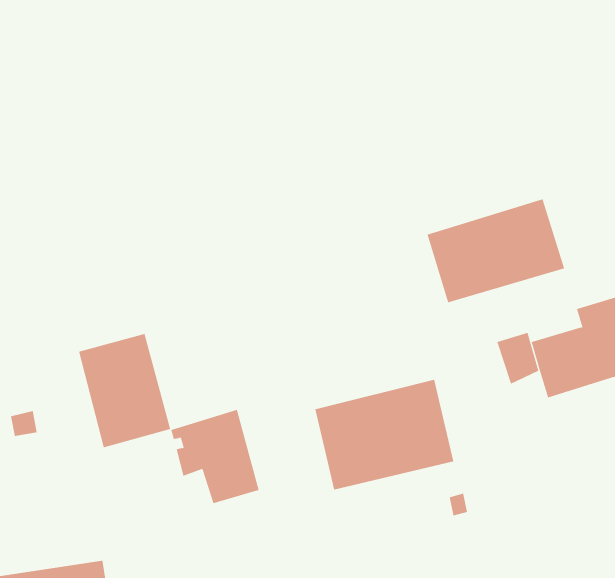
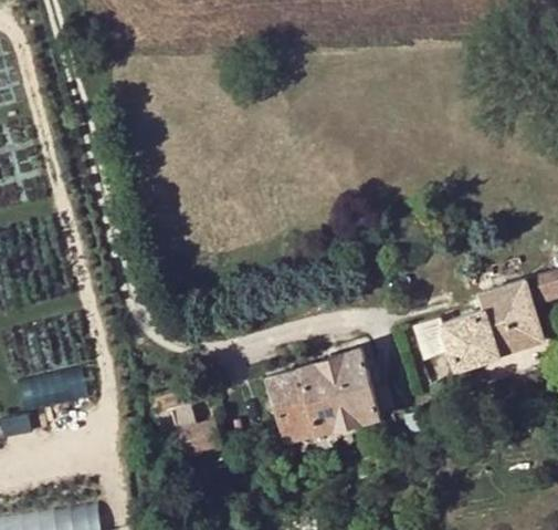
building: [427,199,565,303] -> none
building: [79,333,171,448] -> none

